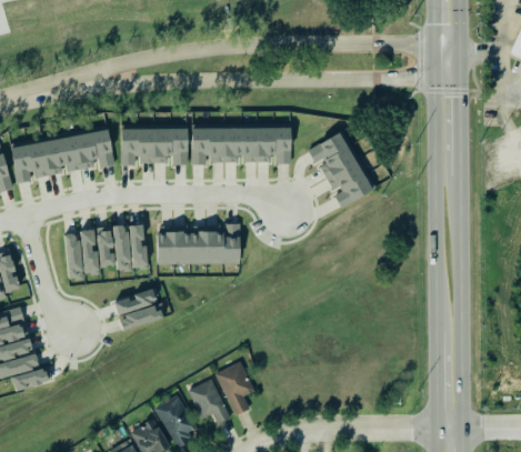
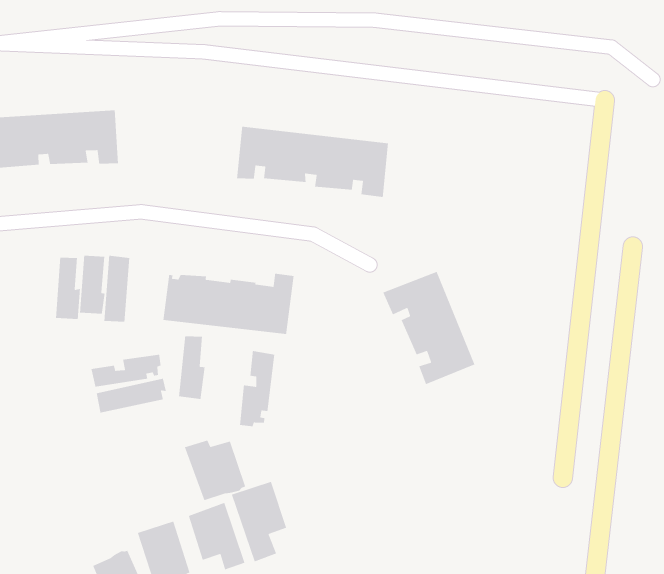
building: [119,128,187,165] -> none
building: [304,131,372,208] -> [382,271,475,385]
building: [131,224,148,267] -> [178,335,206,400]
building: [67,234,82,279] -> none
building: none -> [239,350,275,427]
building: none -> [184,439,246,501]

